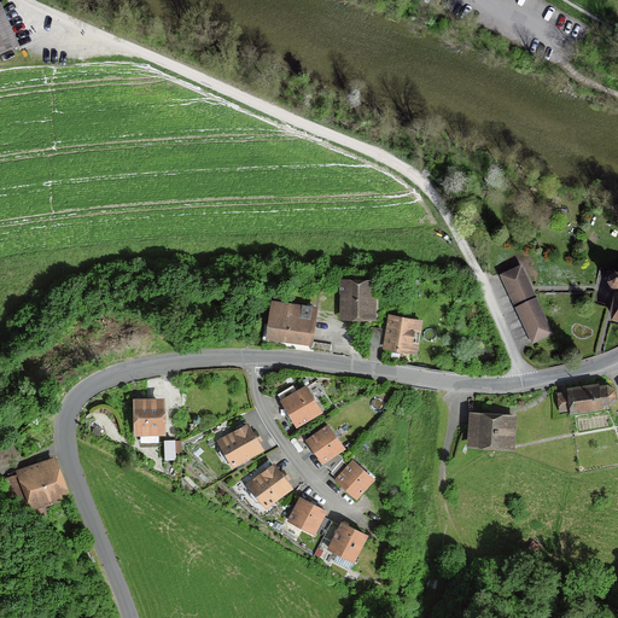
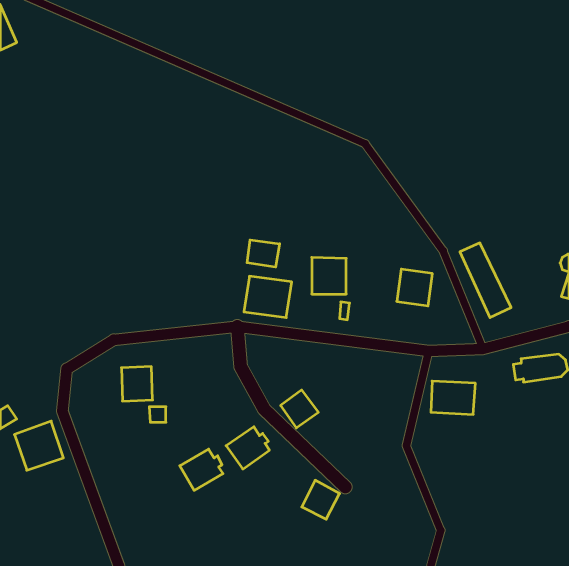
building: none -> [247,240,280,267]
building: [383,314,421,354] -> [397,269,432,306]
building: [278,383,322,425] -> none
building: [216,422,263,467] -> [180,449,223,490]
building: [333,459,374,500] -> none
building: [286,495,331,535] -> none

